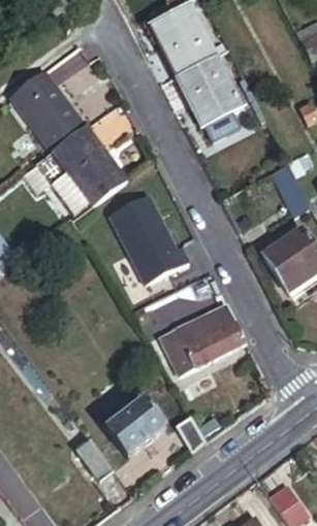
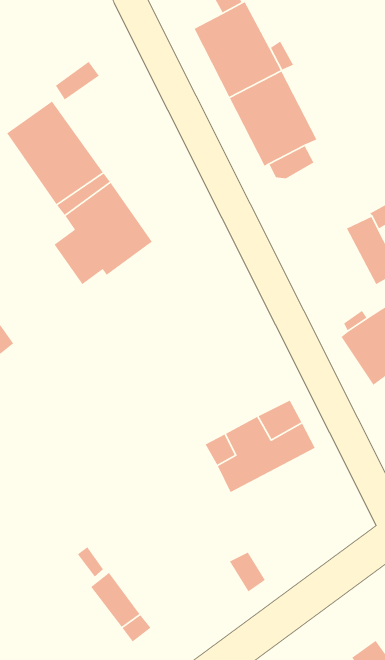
building: [106,190,185,283] -> none
building: [110,397,168,454] -> none

